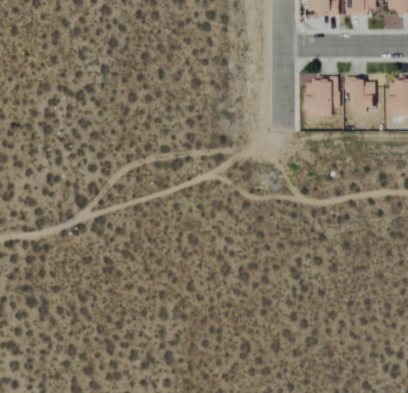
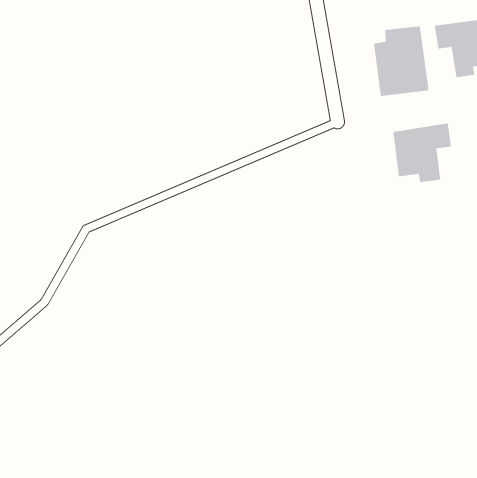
building: none -> [392,122,452,183]

